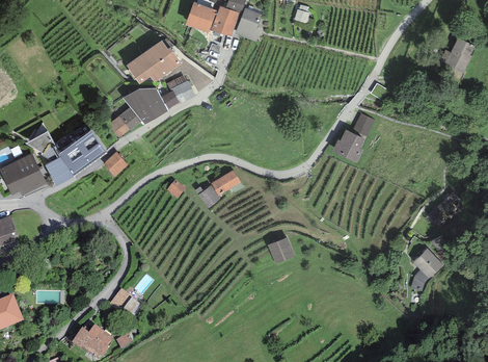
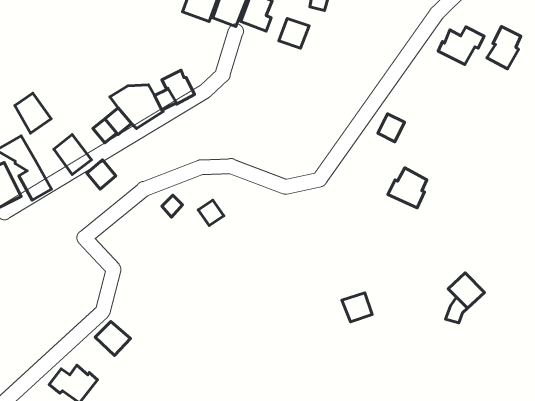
building: none -> [279,18,309,48]
building: none -> [438,27,484,65]
building: [127,41,181,83] -> none
building: [331,128,364,162] -> [388,168,427,208]
building: [59,141,90,176] -> [15,93,51,133]
building: [211,170,243,195] -> none
building: [268,237,294,262] -> [342,293,372,322]

